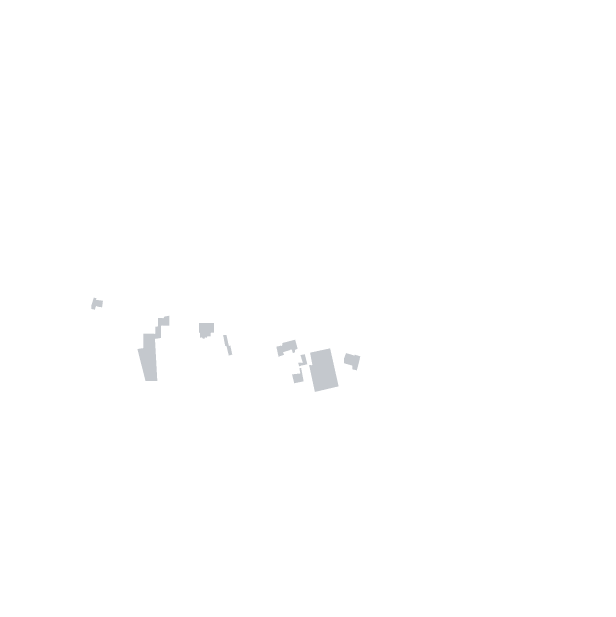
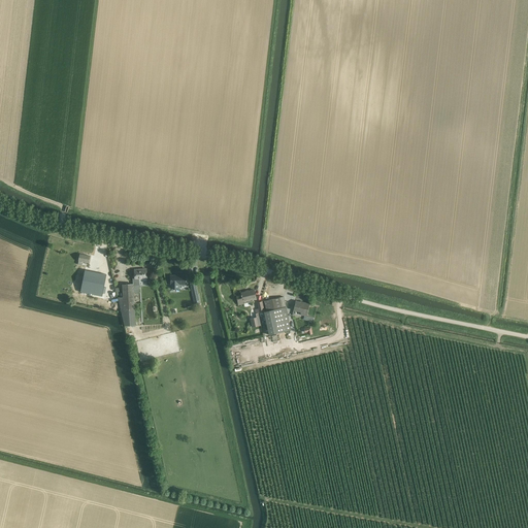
building: none -> [80,271,110,295]

